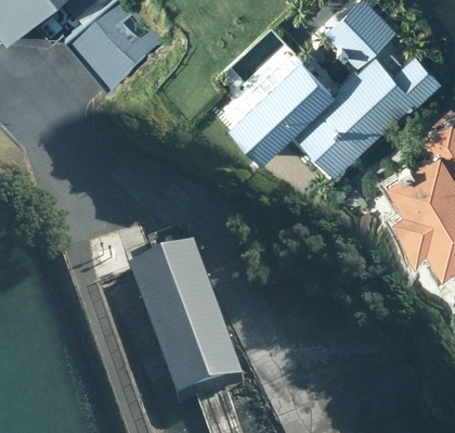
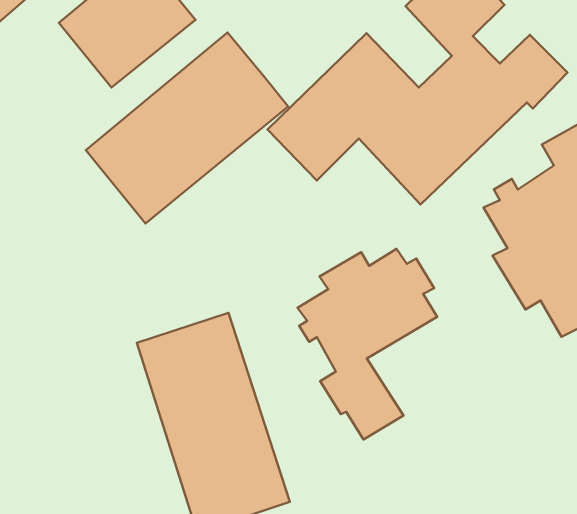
building: none -> [86,33,288,224]
building: none -> [297,249,437,440]

